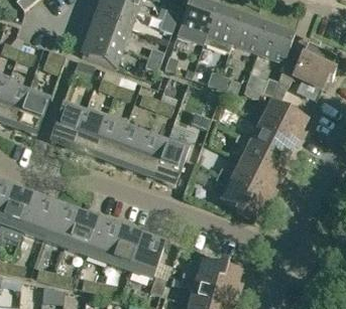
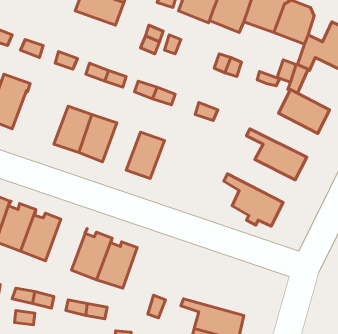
building: [81,33,123,65] -> none
building: [49,106,83,146] -> none
building: [237,120,295,157] -> none
building: [112,128,144,168] -> none
building: [152,134,190,183] -> none
building: [218,159,275,195] -> none
building: [64,209,99,253] -> none
building: [129,234,163,277] -> none
building: [181,259,238,291] -> none

